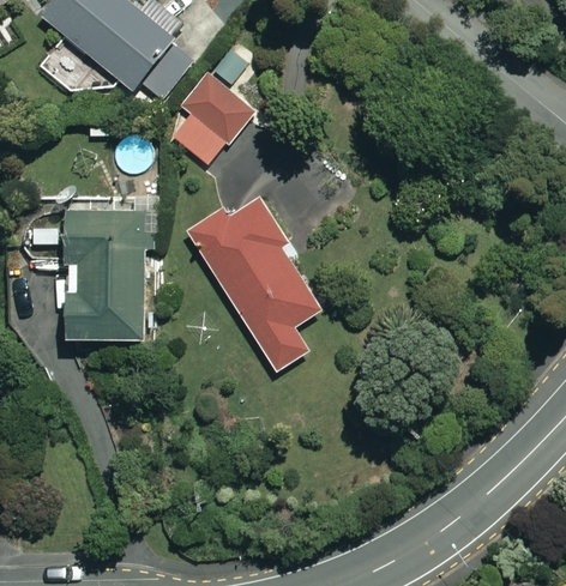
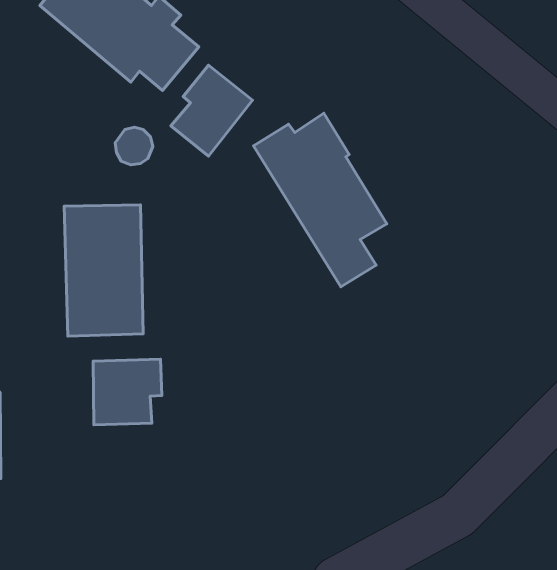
building: [188,200,320,371] -> [253,113,387,287]
building: none -> [93,359,162,425]

